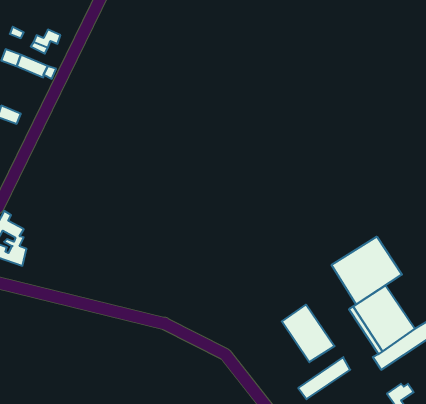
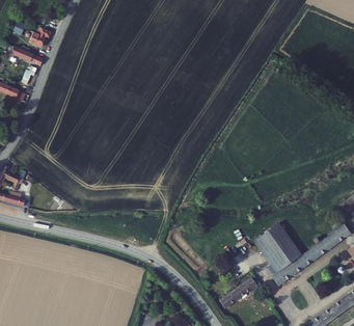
building: [332,237,402,304] -> none
building: [282,305,335,362] -> none

